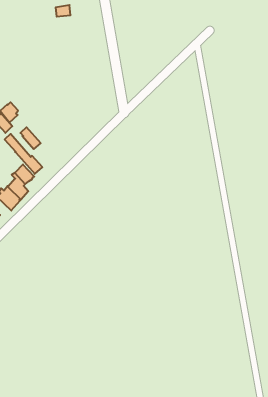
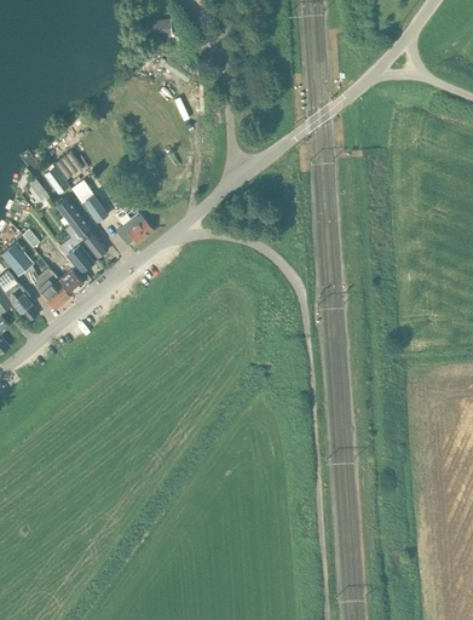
building: none -> [117,212,154,248]

